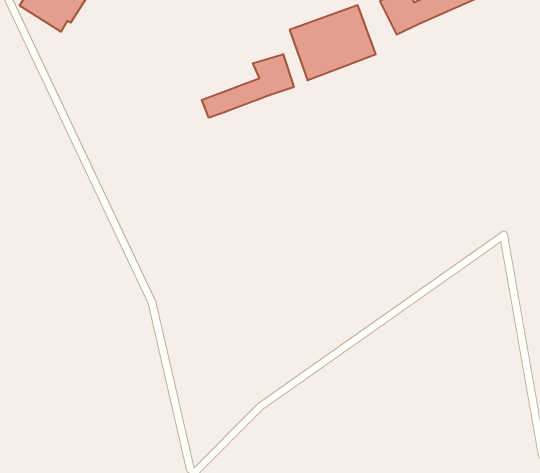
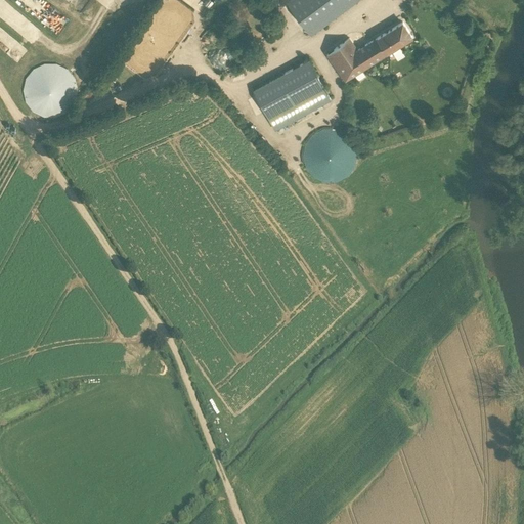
building: [202,54,294,118] -> none
building: none -> [299,126,358,185]

